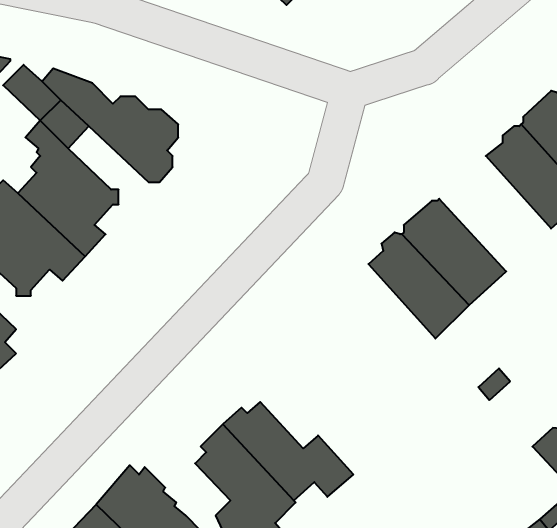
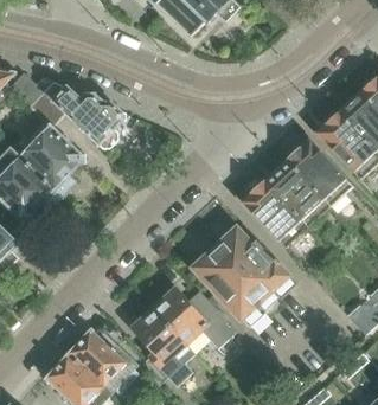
building: none -> [287,139,351,205]
building: none -> [193,227,295,327]

